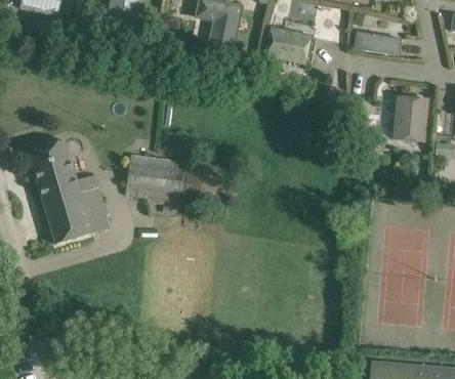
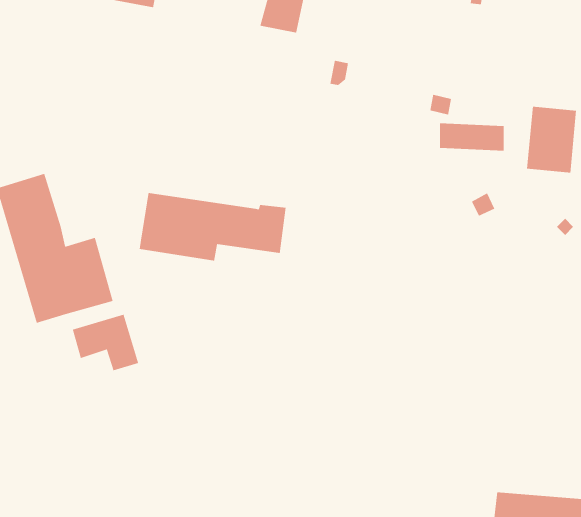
building: [265,26,313,64] -> none
building: [351,32,397,51] -> [439,123,505,151]
building: none -> [72,314,139,371]

